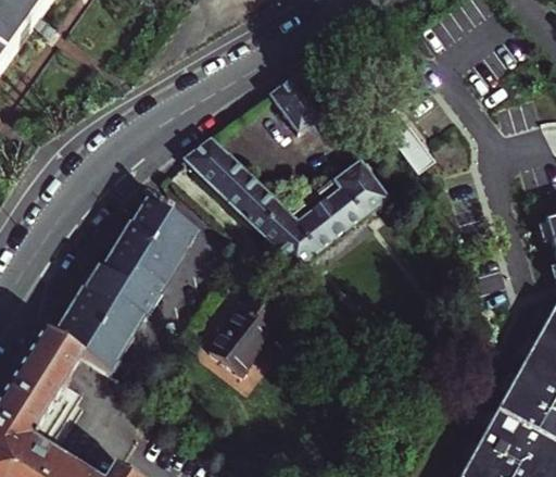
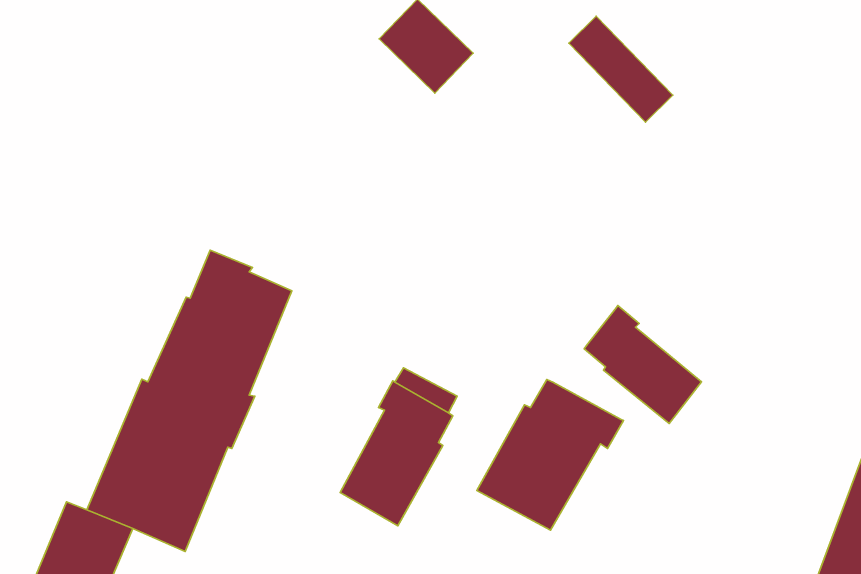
building: [186,138,388,275] -> none
building: none -> [584,306,702,423]
building: none -> [477,380,624,530]

